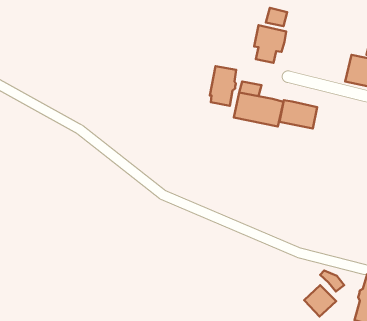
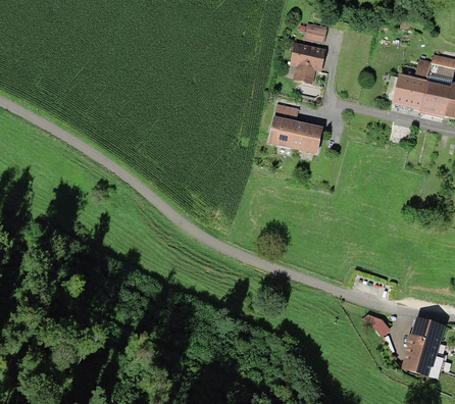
building: [210,66,236,106] -> none
building: [280,100,317,129] -> none
building: [304,285,336,317] -> none

